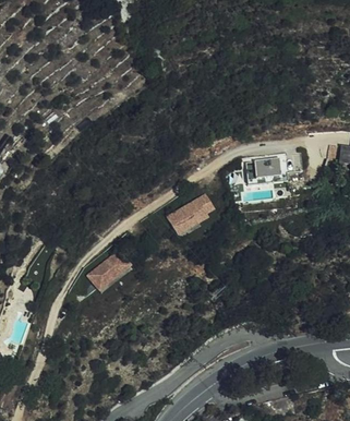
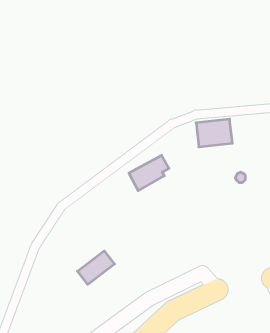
building: [88,249,132,288] -> [77,251,115,284]

